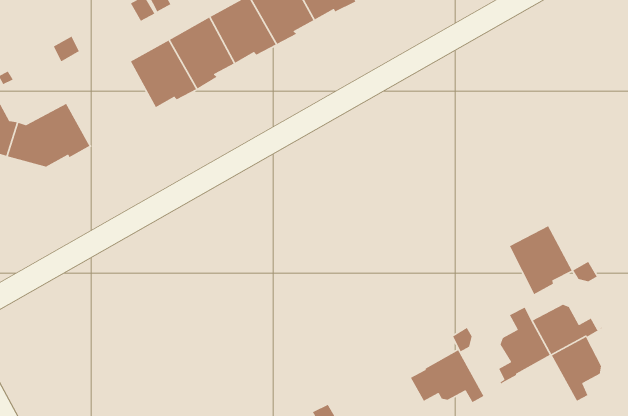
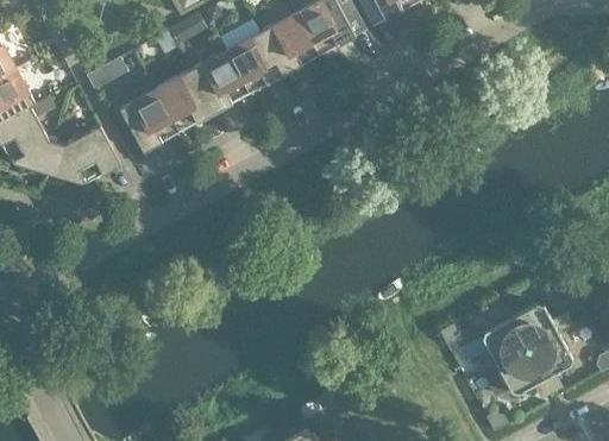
building: none -> [120,88,178,151]
building: [509,225,573,295] -> none
building: [410,349,487,403] -> [484,347,552,395]

